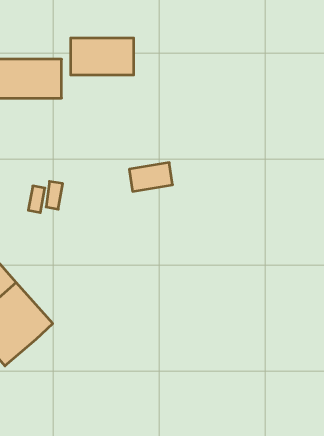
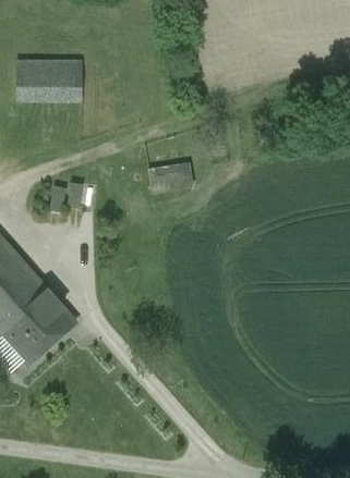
building: [71,38,134,75] -> none

